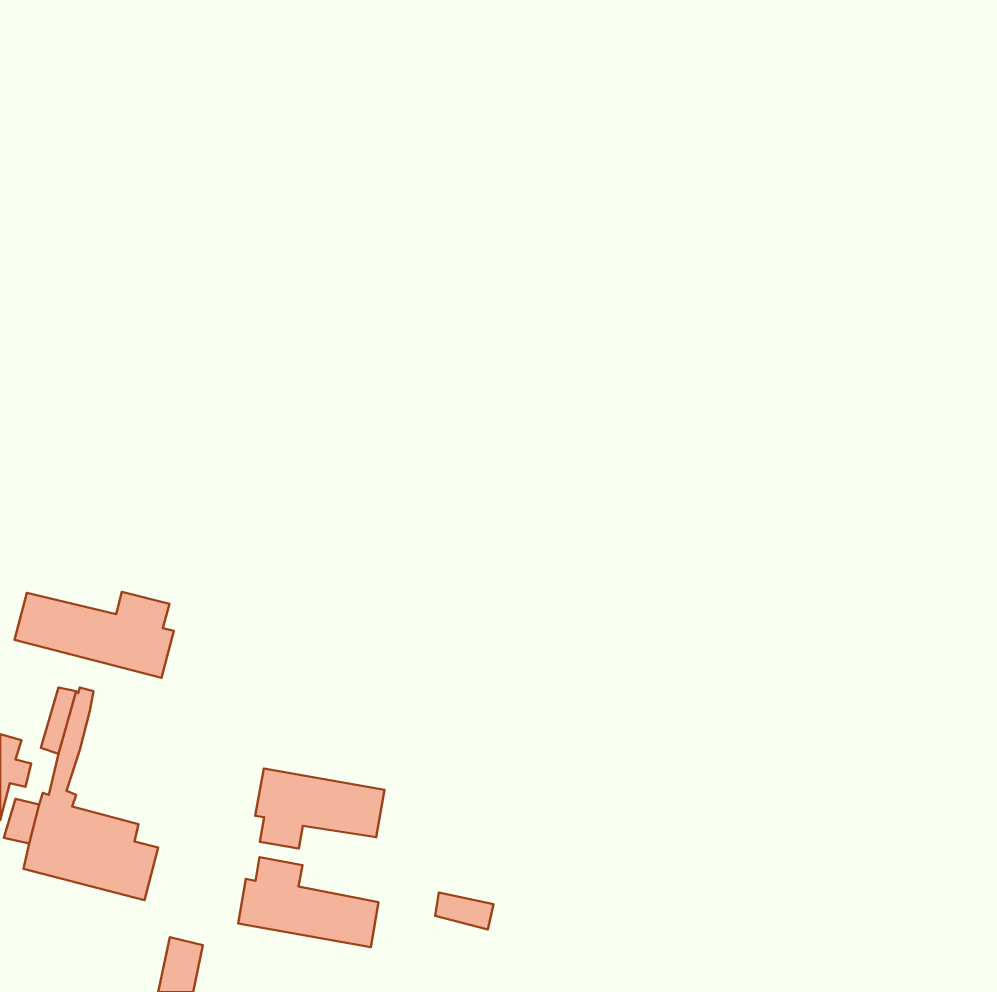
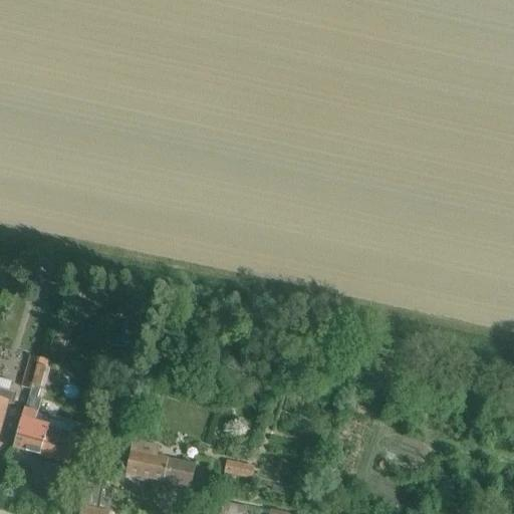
building: [14,592,174,678] -> none
building: [255,769,385,849] -> none

